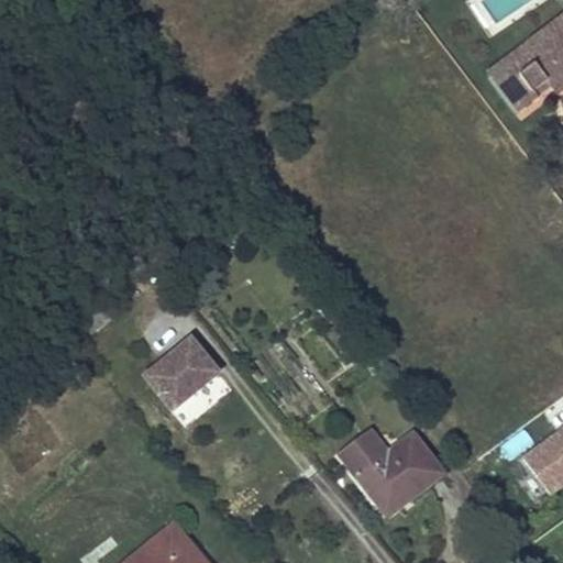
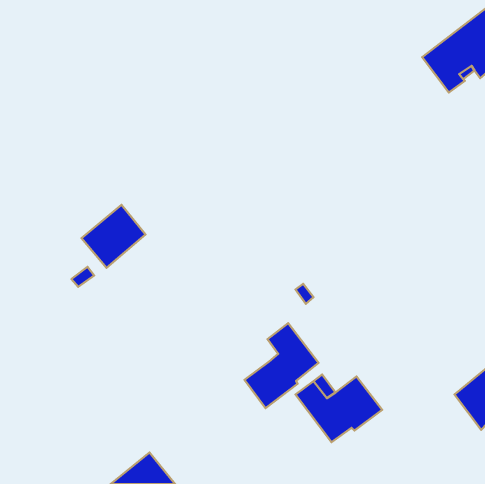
building: [147,340,221,412] -> [82,205,145,268]
building: none -> [245,323,318,408]

